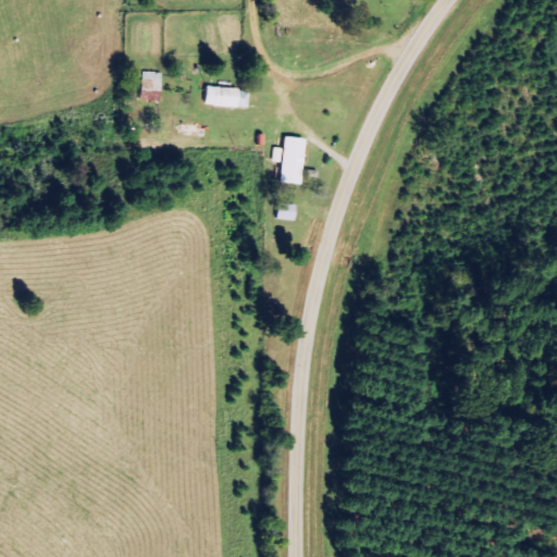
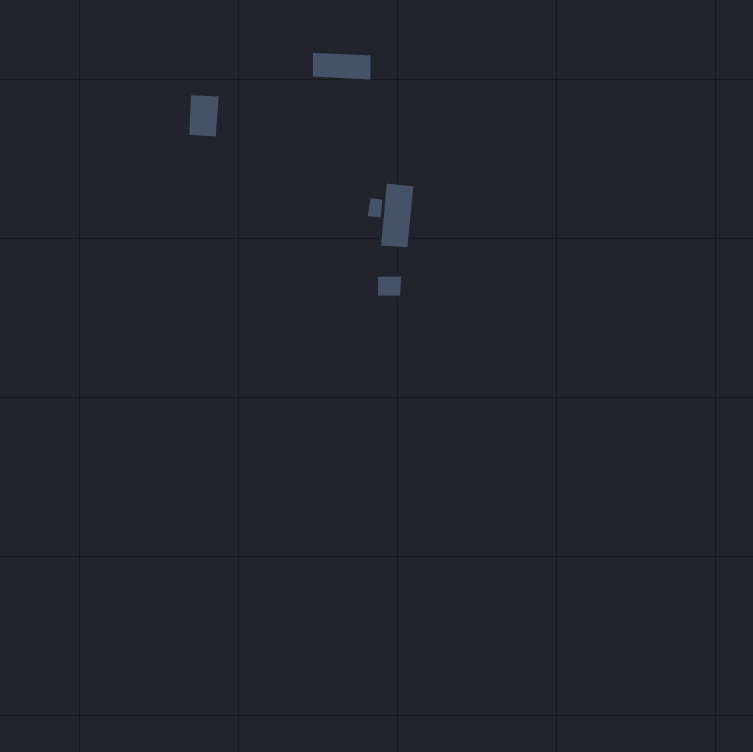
building: [206,86,249,107] -> [312,52,371,80]

